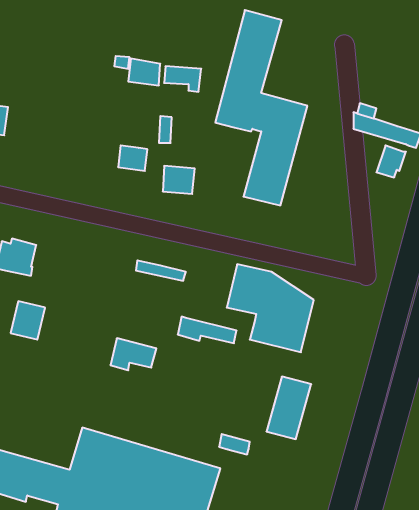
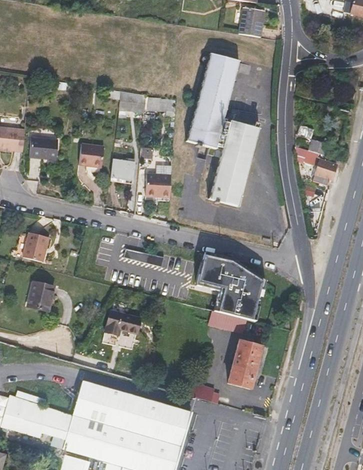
building: none -> [30,137,59,161]
building: none -> [80,144,105,168]
building: [178,317,237,343] -> [209,311,255,332]

